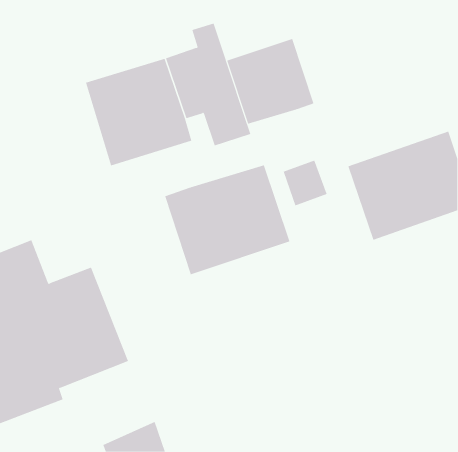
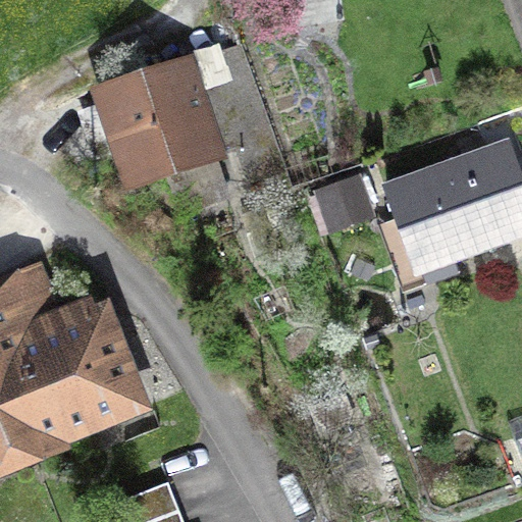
building: [227,38,314,124] -> none
building: [164,164,290,275] -> none

